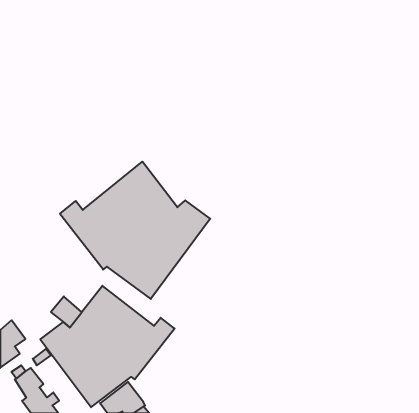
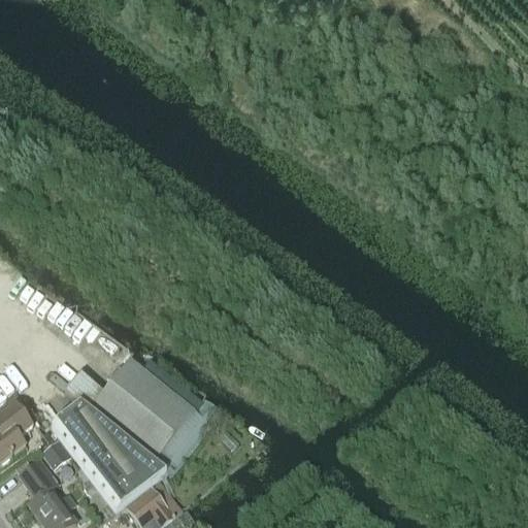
building: [60,162,210,299] -> none

